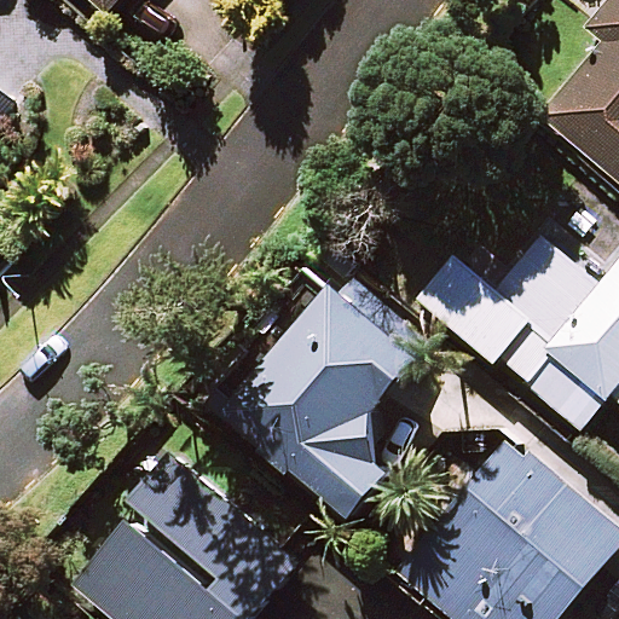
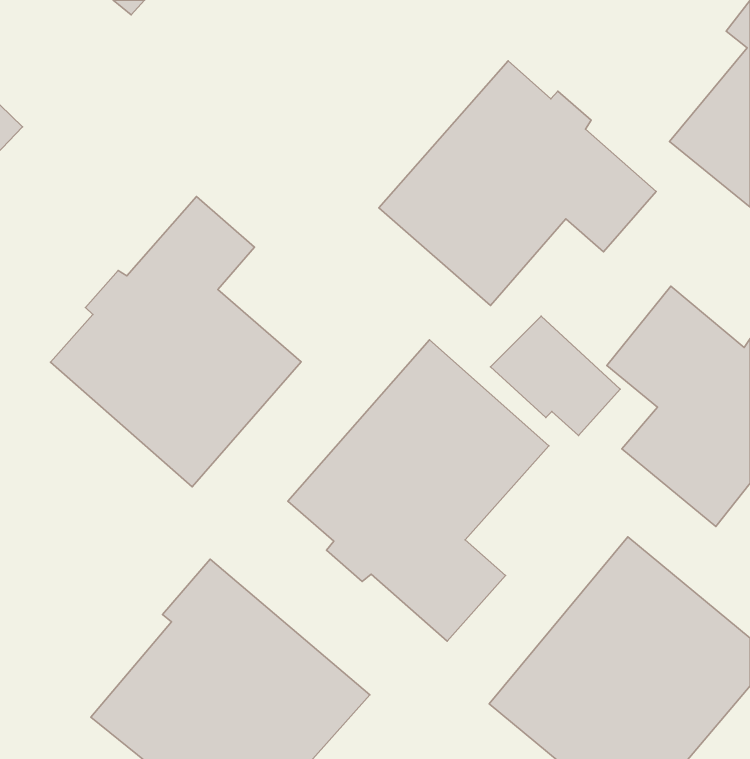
building: none -> [379,61,656,305]
building: none -> [51,197,301,487]

